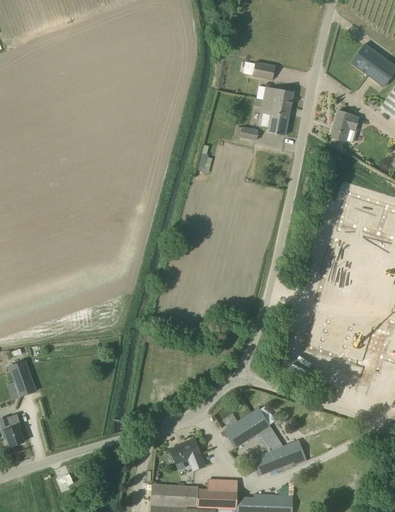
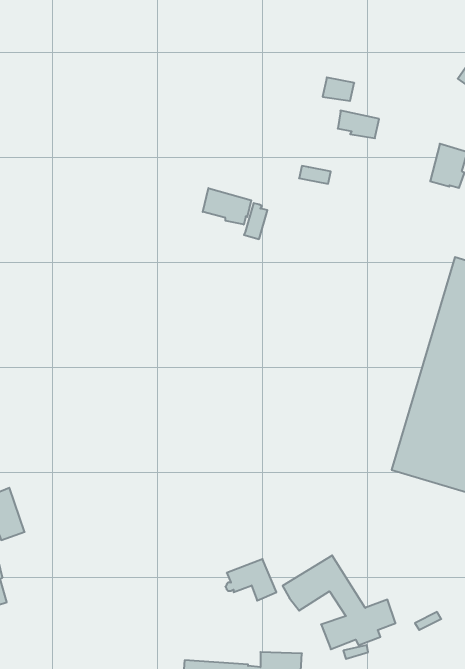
building: [261,99,291,135] -> none
building: none -> [203,188,251,225]
building: [169,439,206,469] -> [225,559,276,601]

